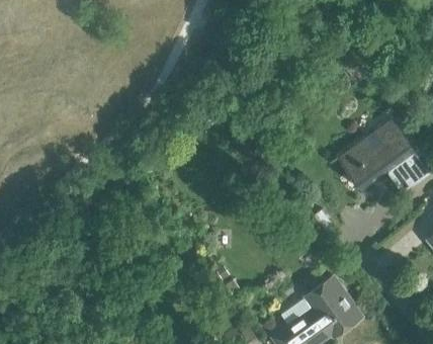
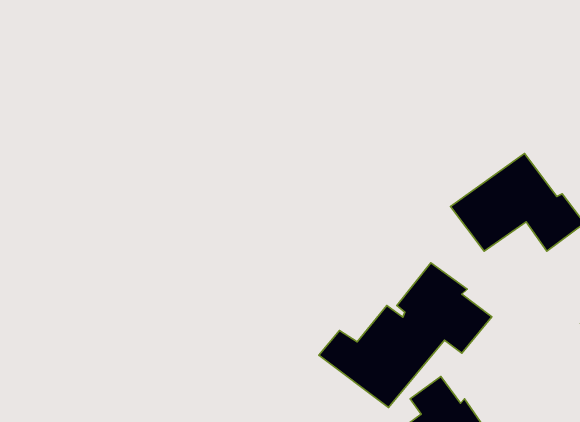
building: none -> [319,263,492,408]

